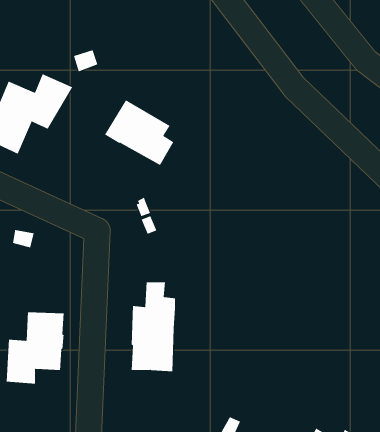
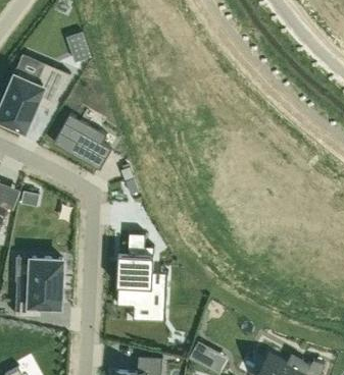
building: [104,100,174,166] -> [53,113,110,167]

